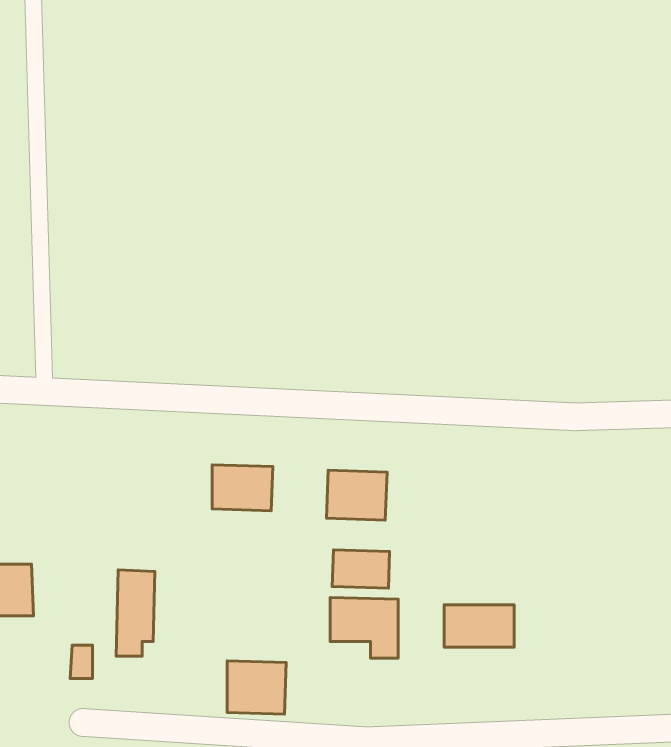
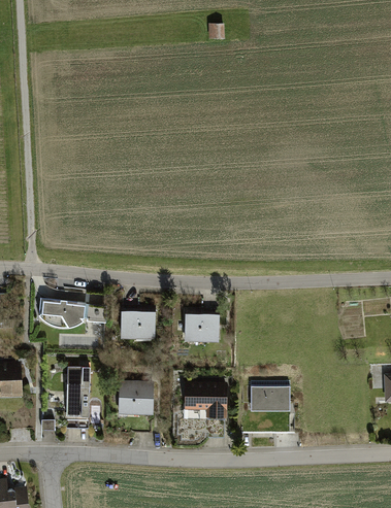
building: none -> [39,298,106,329]
building: [332,550,390,588] -> none
building: [227,661,286,714] -> [120,382,153,412]

